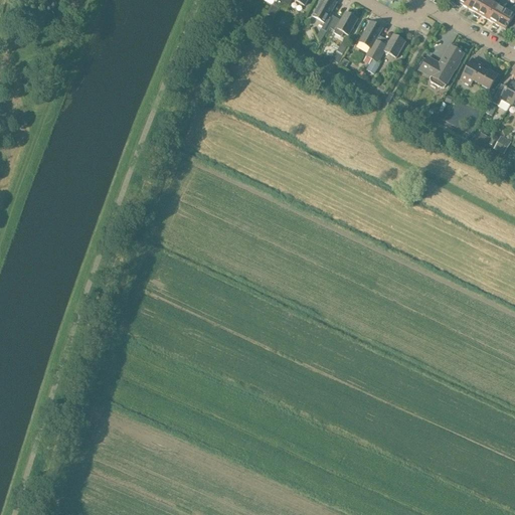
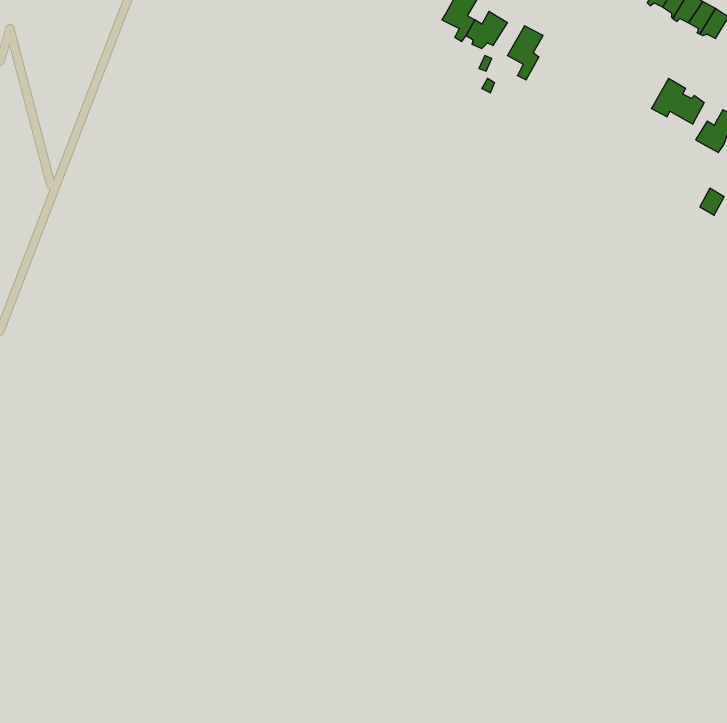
building: [372,31,406,60] -> none
building: [420,42,465,85] -> none

